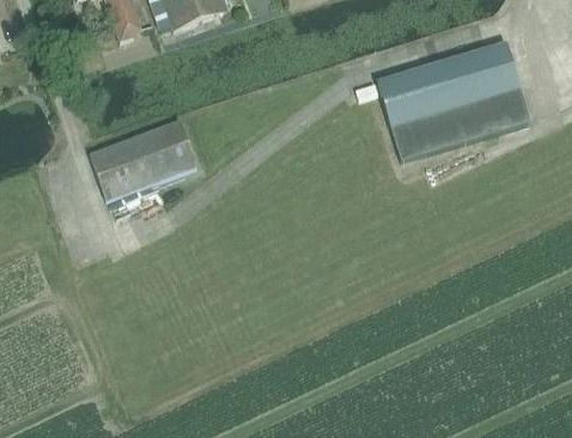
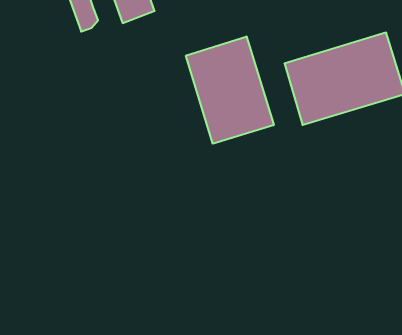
building: none -> [186,36,274,144]
building: [89,121,195,200] -> none

